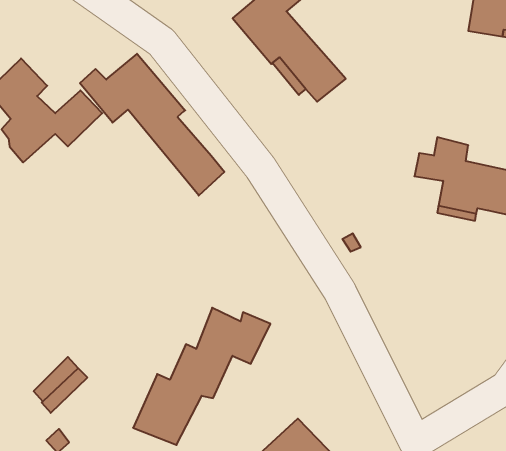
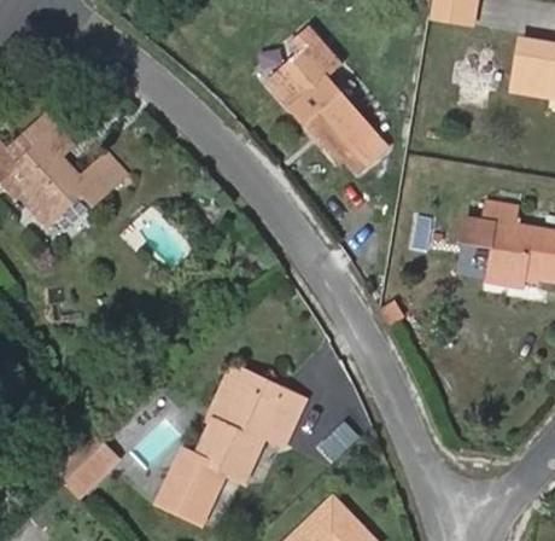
building: [80,54,224,196] -> none
building: none -> [209,366,276,425]

